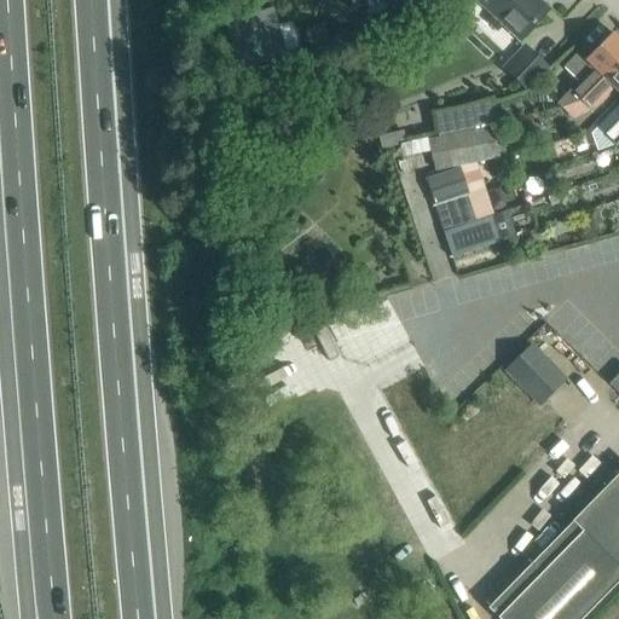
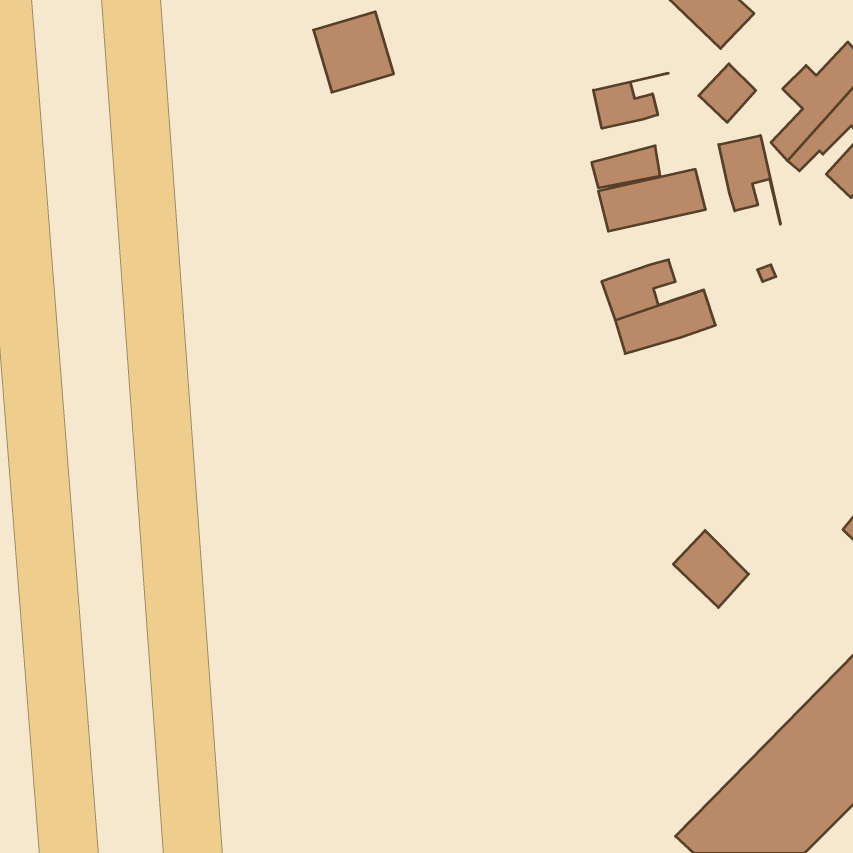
building: none -> [593,73,668,128]
building: none -> [719,135,780,224]
building: [428,166,472,203] -> none
building: [509,342,563,398] -> [673,530,749,608]

